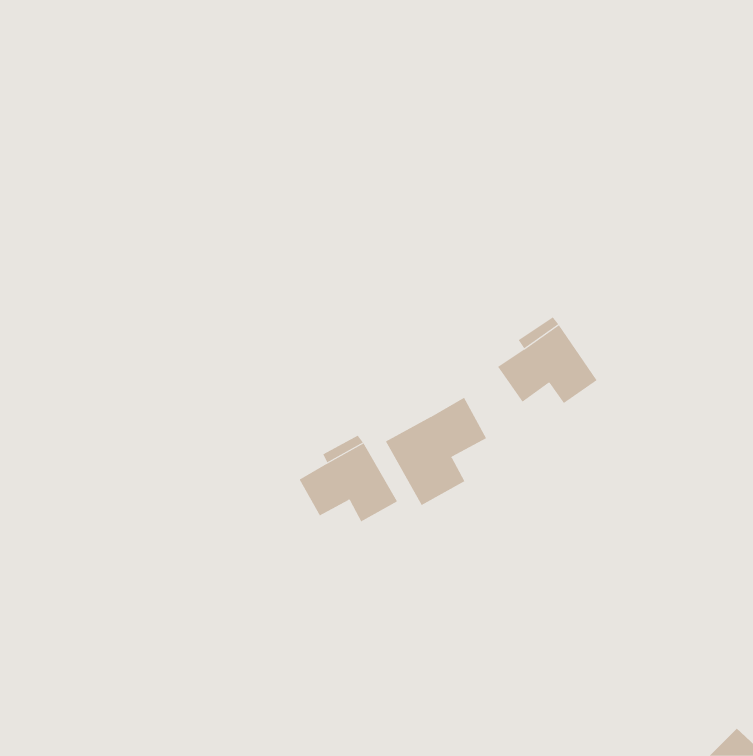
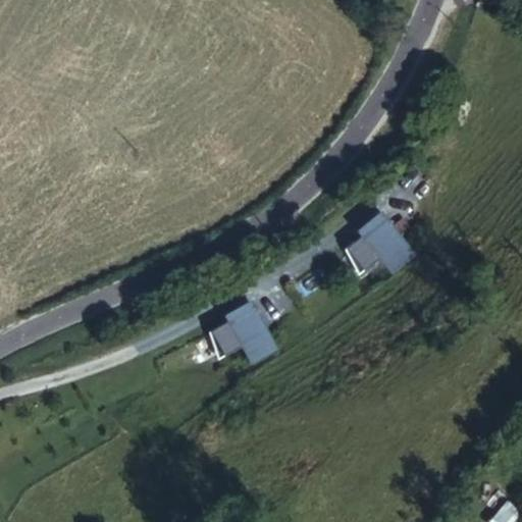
building: [385,397,487,506] -> none

